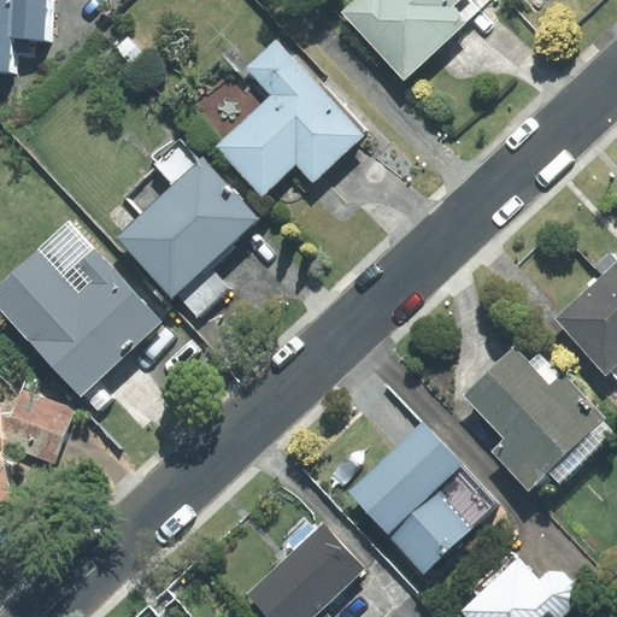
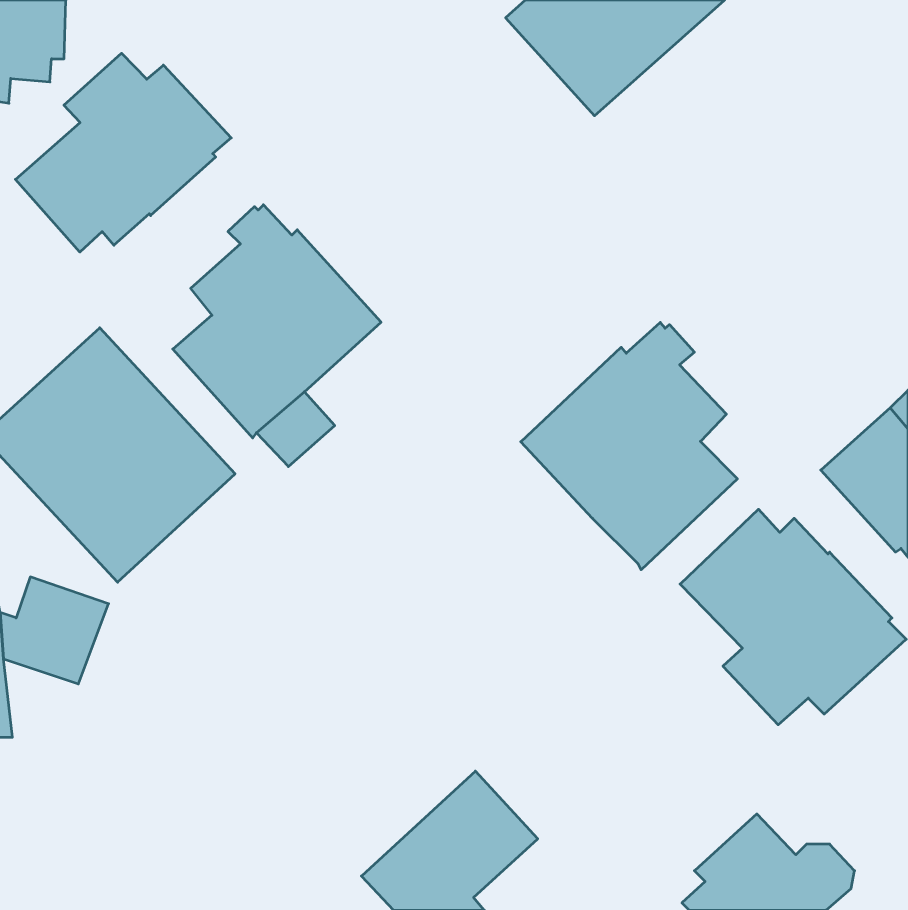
building: none -> [15,53,231,252]
building: [216,41,363,194] -> none
building: none -> [521,322,737,570]
building: [347,423,496,572] -> none

